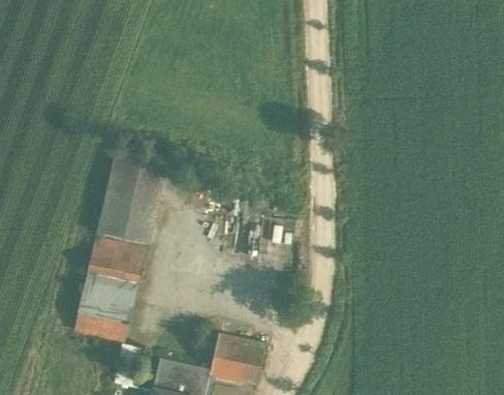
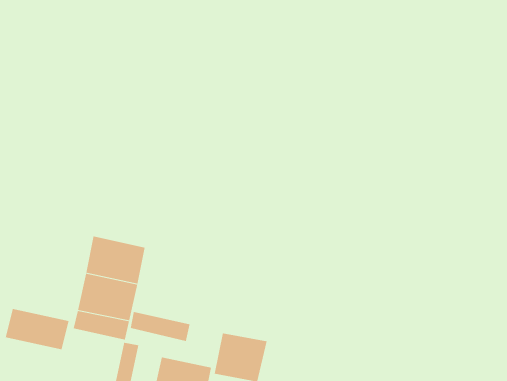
building: [98,152,164,243] -> none
building: none -> [5,308,69,350]
building: none -> [130,311,190,342]

